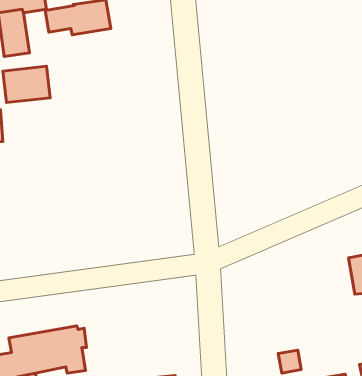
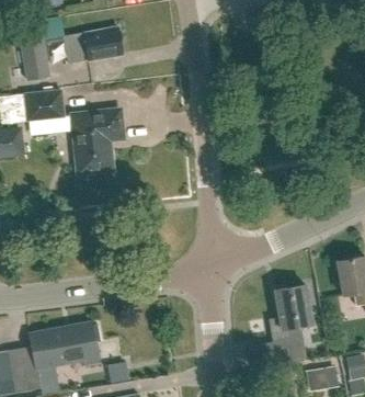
building: none -> [72,111,122,173]
building: none -> [269,285,311,341]

